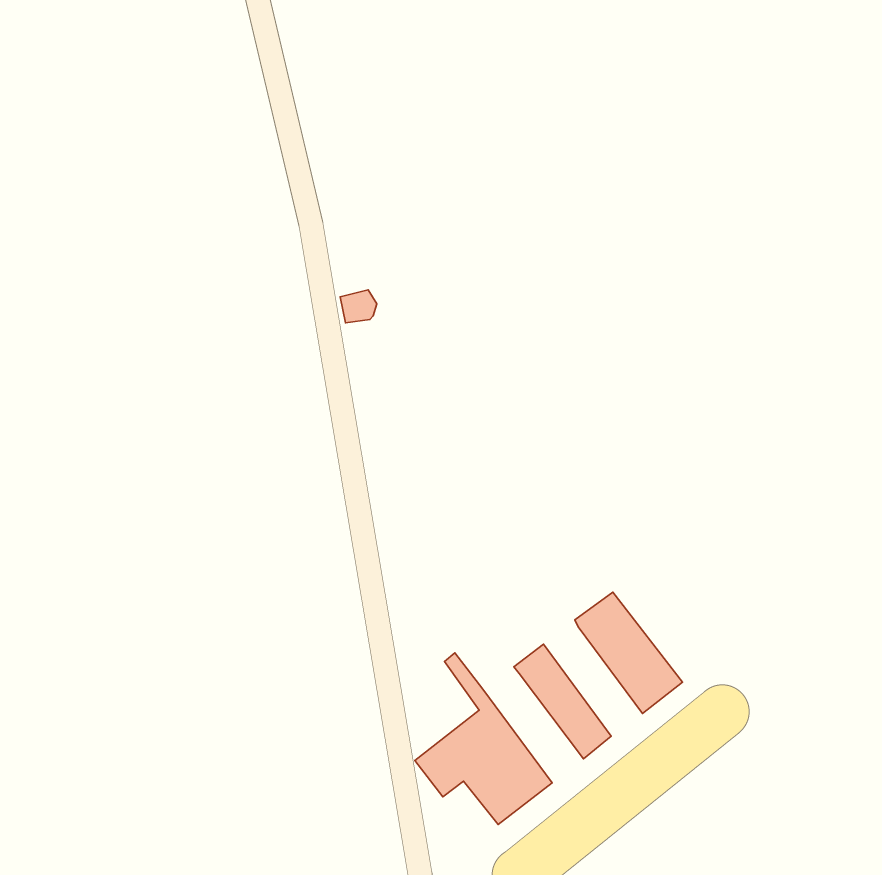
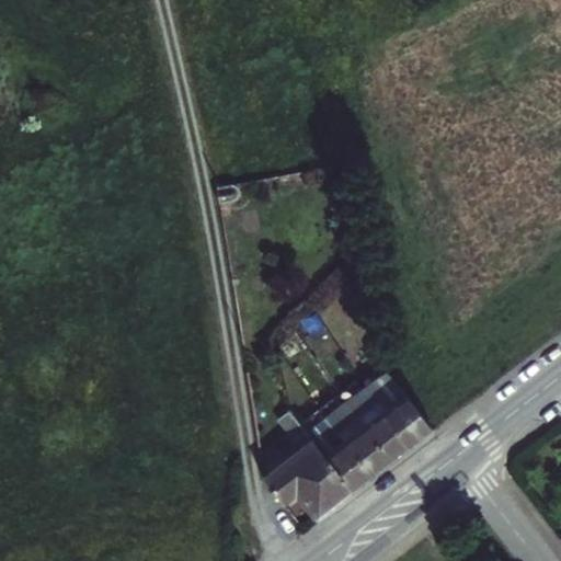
building: none -> [343,391,405,465]
building: none -> [305,421,368,494]

